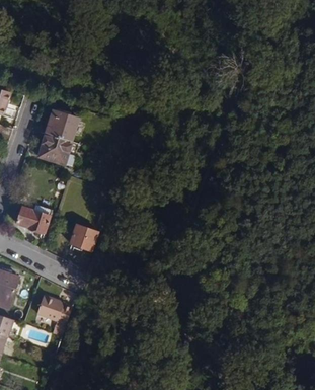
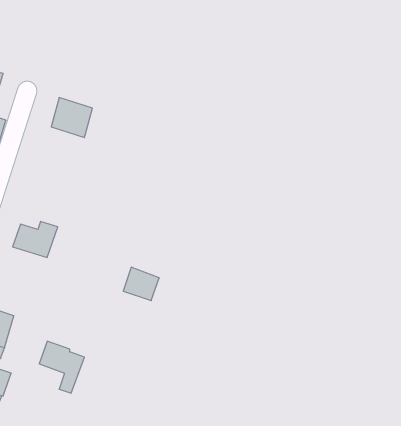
building: [40,133,78,165] -> none
building: [70,225,97,250] -> [123,267,159,301]

